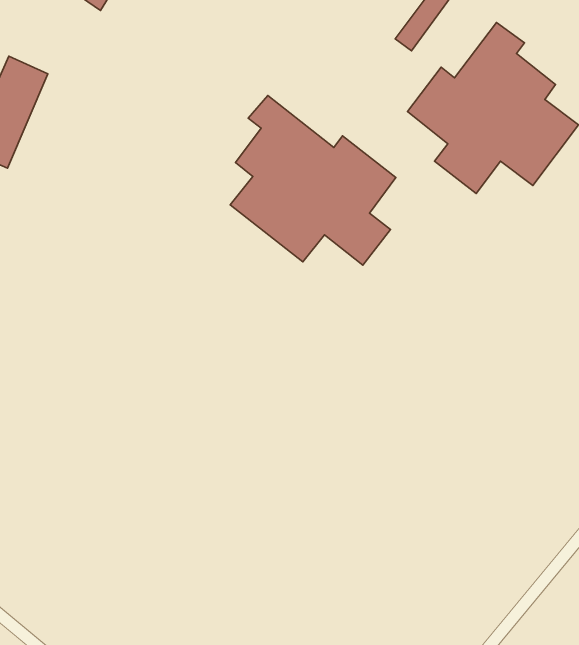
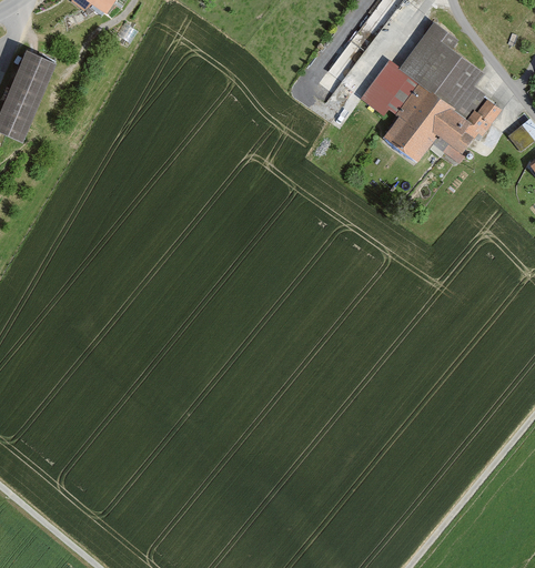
building: [230,96,396,265] -> none

